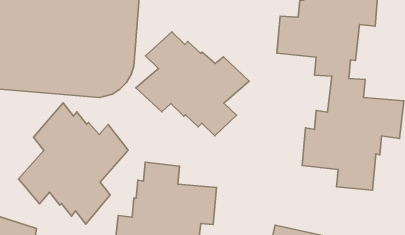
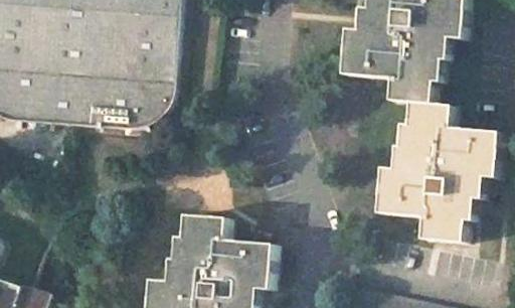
building: [136,32,249,136] -> none
building: [19,103,128,224] -> none

